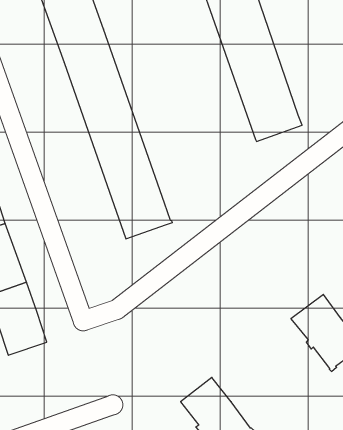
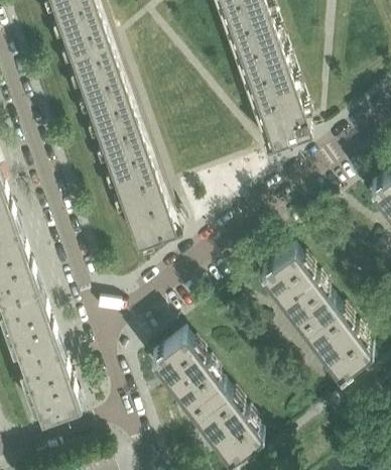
building: none -> [260,251,333,328]
building: none -> [150,336,222,410]
building: none -> [19,351,79,425]

